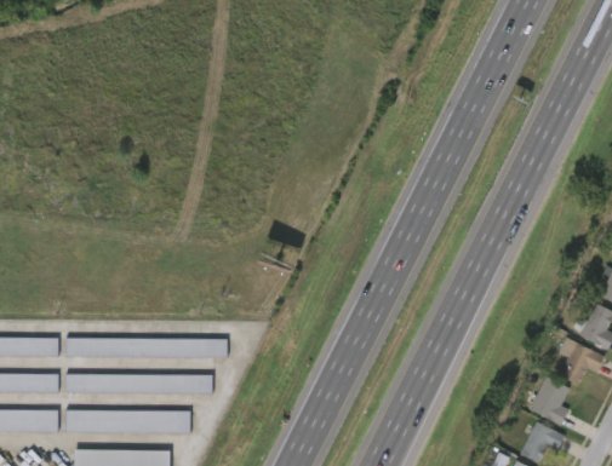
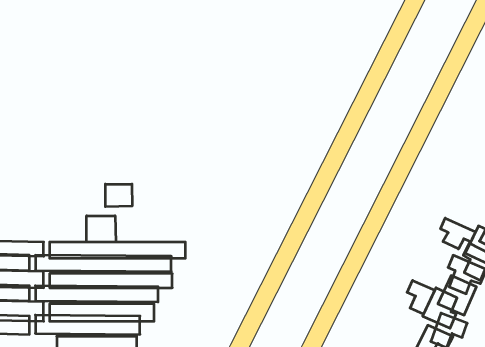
building: none -> [105,184,132,207]
building: none -> [86,216,116,242]
building: none -> [441,218,475,249]
building: none -> [407,280,435,314]

